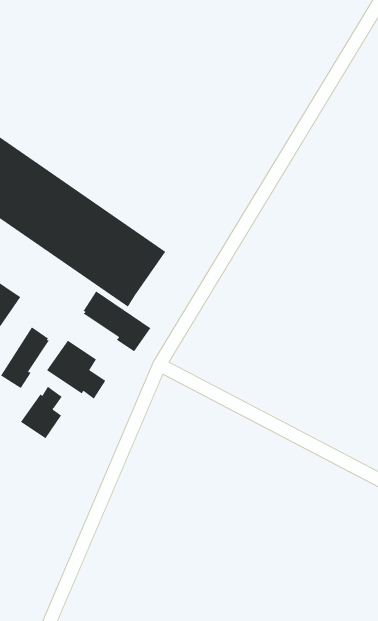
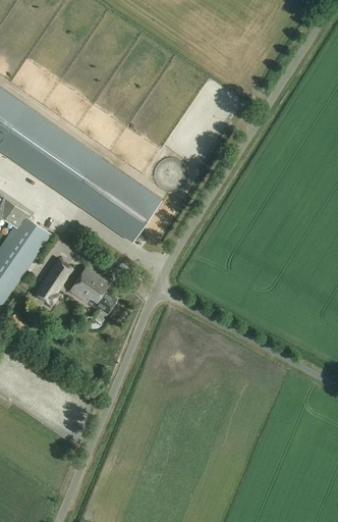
building: [82,290,151,352] -> none
building: [20,386,62,439] -> none

